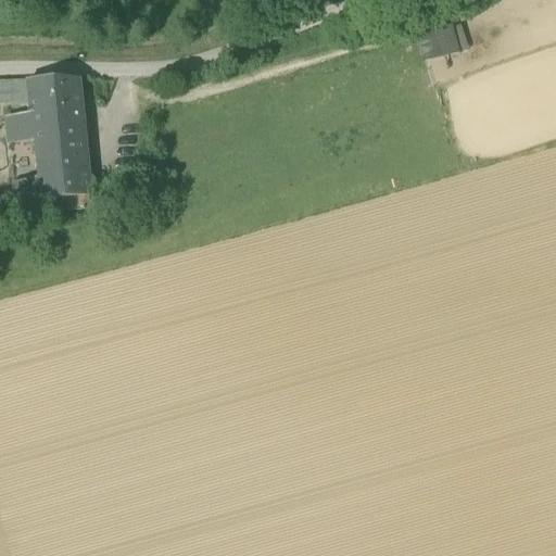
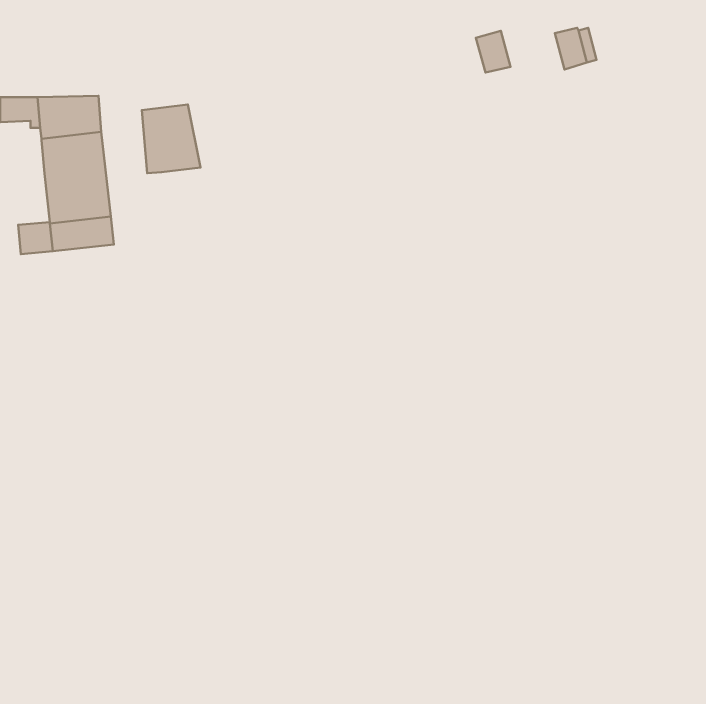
building: [417,26,444,59] -> [476,31,510,72]
building: none -> [142,104,201,173]
building: [10,110,37,138] -> none

